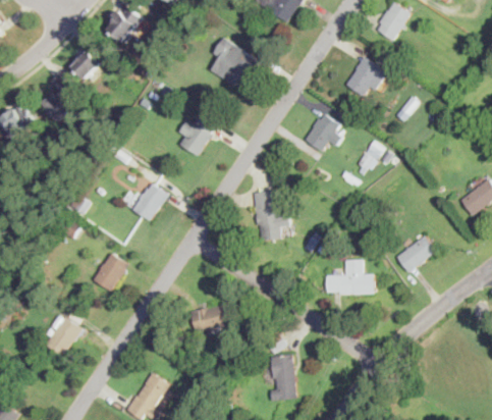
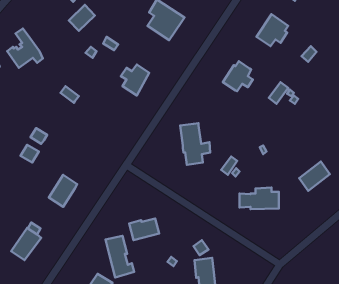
building: [71,47,103,78] -> [69,5,95,31]
building: [131,183,167,222] -> none
building: none -> [105,236,134,277]

